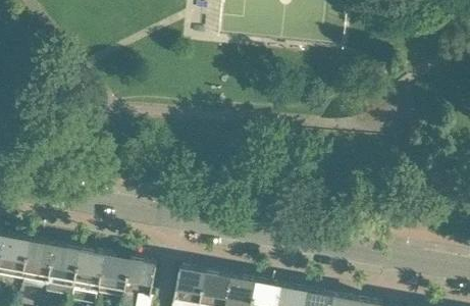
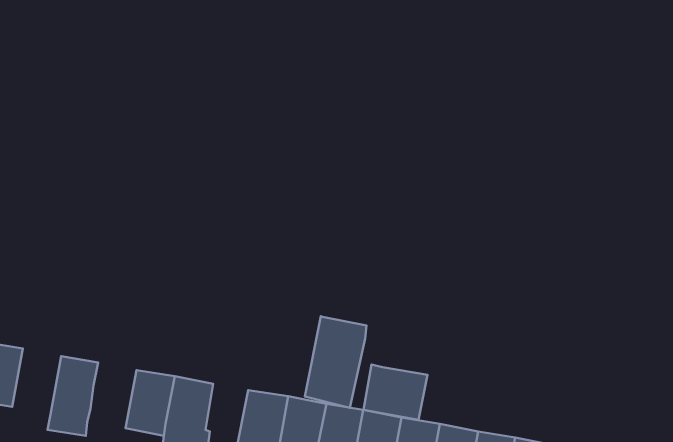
building: none -> [305,316,367,408]
building: [21,238,54,282] -> none
building: [71,247,104,291] -> none
building: none -> [364,364,428,420]

